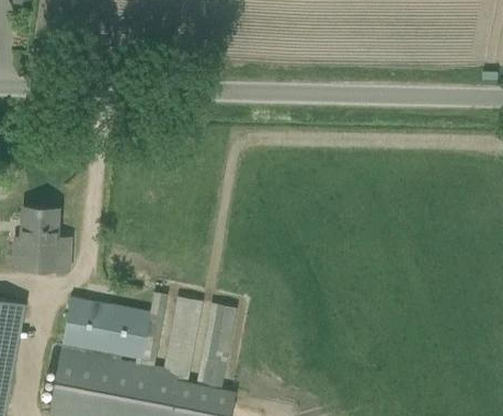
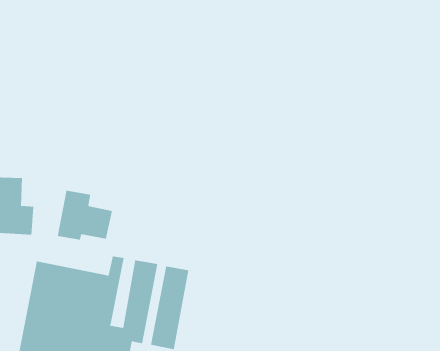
building: none -> [57,190,113,240]

